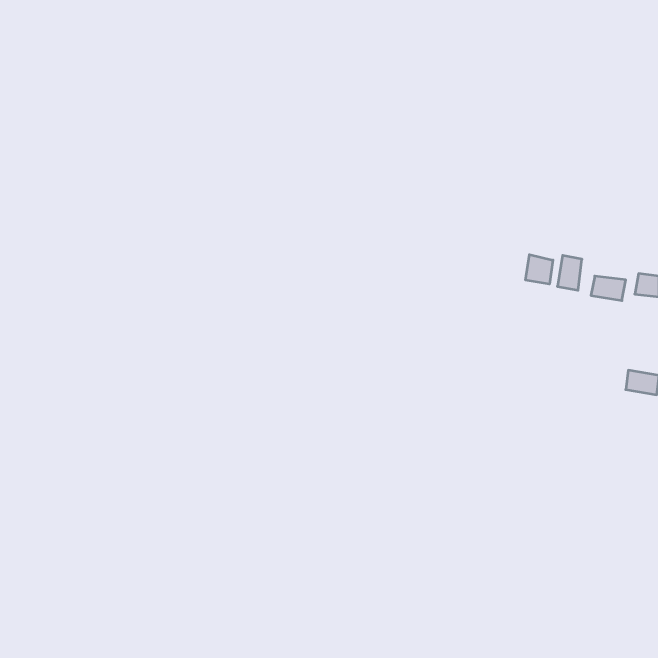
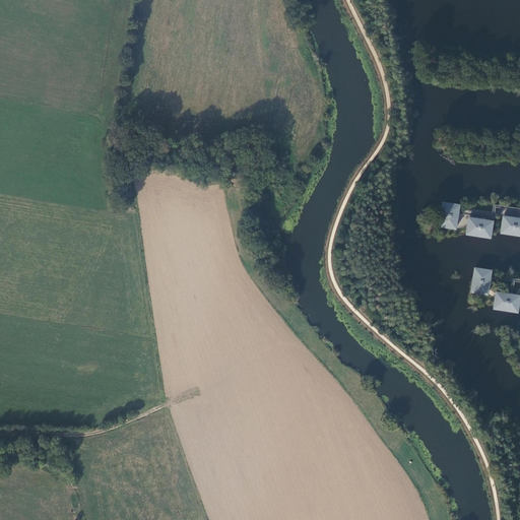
building: [526,255,553,284] -> none
building: none -> [471,267,492,294]

